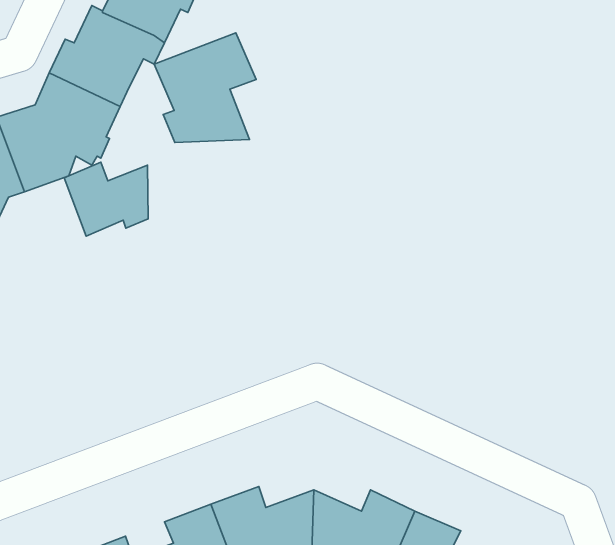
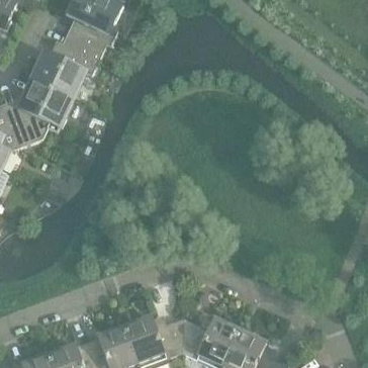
building: [154,33,256,142] -> none
building: [64,162,148,236] -> none

